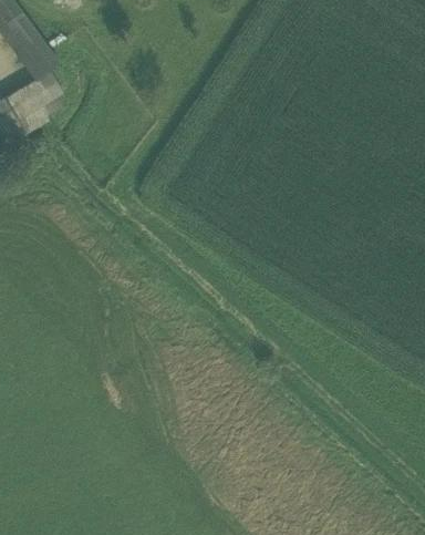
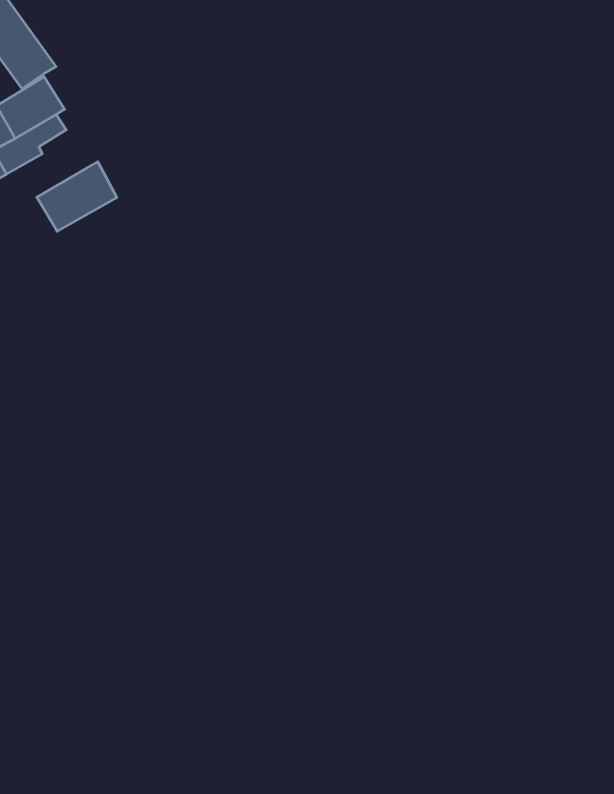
building: none -> [37,162,117,231]

